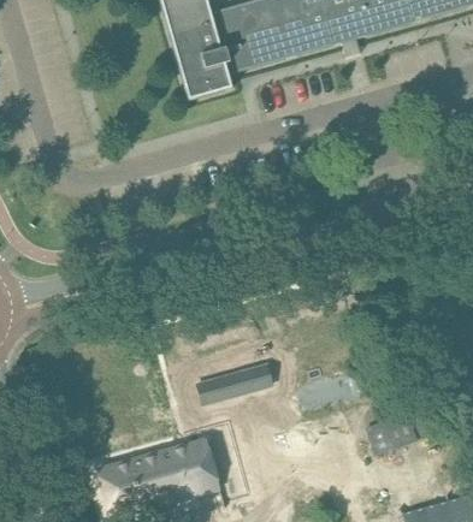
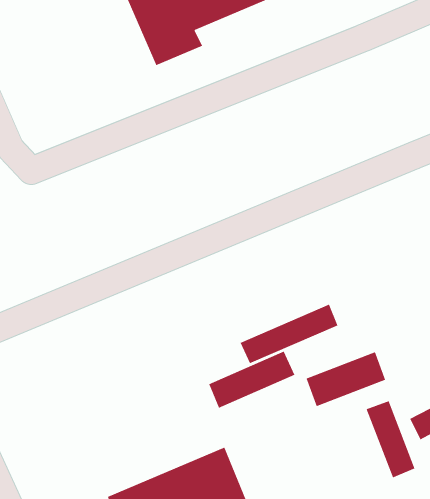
building: none -> [240,303,338,364]
building: none -> [365,400,416,478]

